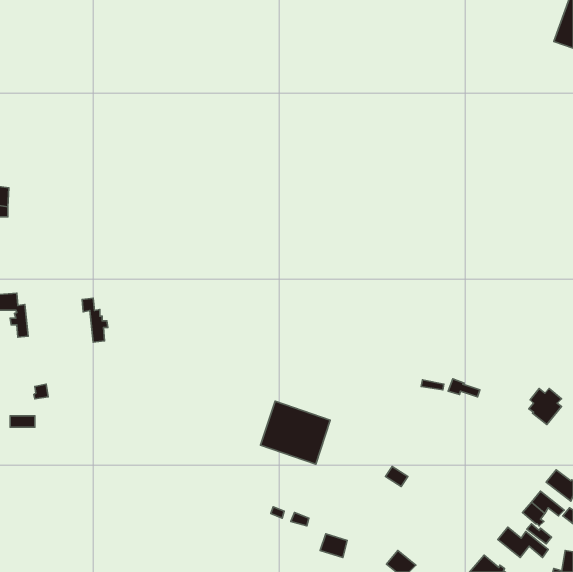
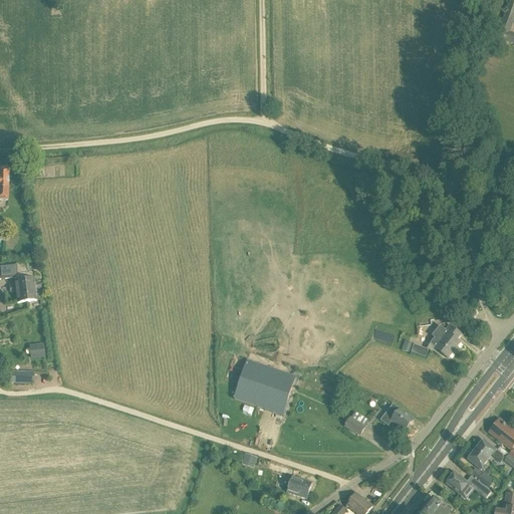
building: [82,298,108,342] -> [15,261,38,300]
building: [529,389,562,425] -> [431,324,460,356]
building: none -> [379,403,412,430]

